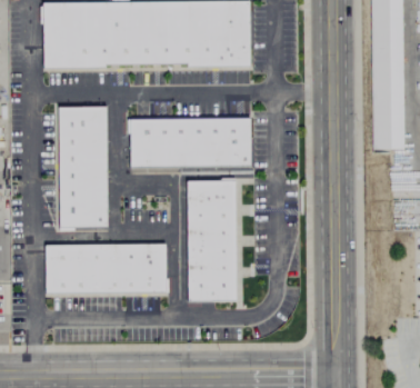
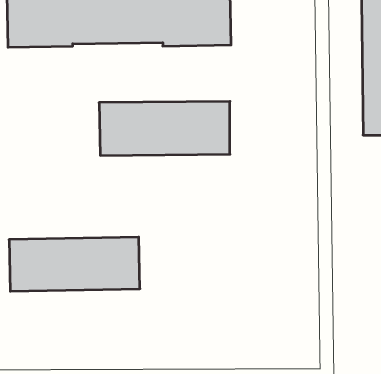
building: [59,107,108,227] -> none
building: [187,180,236,302] -> none

